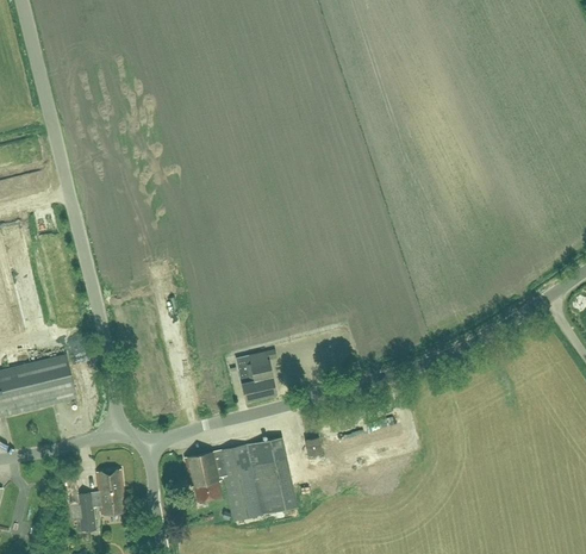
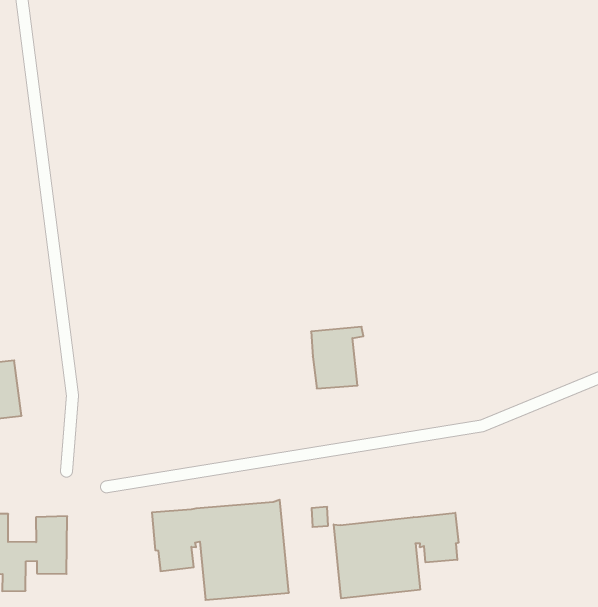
building: [236,349,276,400] -> [311,327,363,388]
building: none -> [334,513,459,598]

